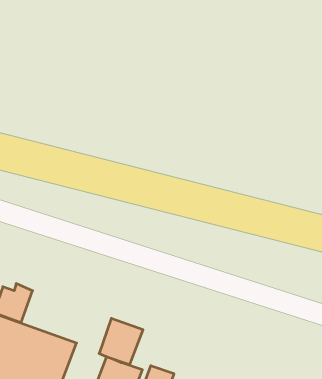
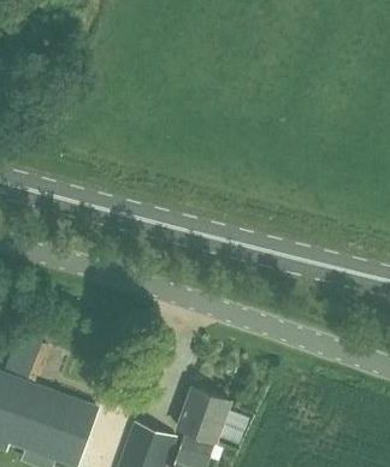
building: [99,318,143,365] -> [178,388,230,442]

